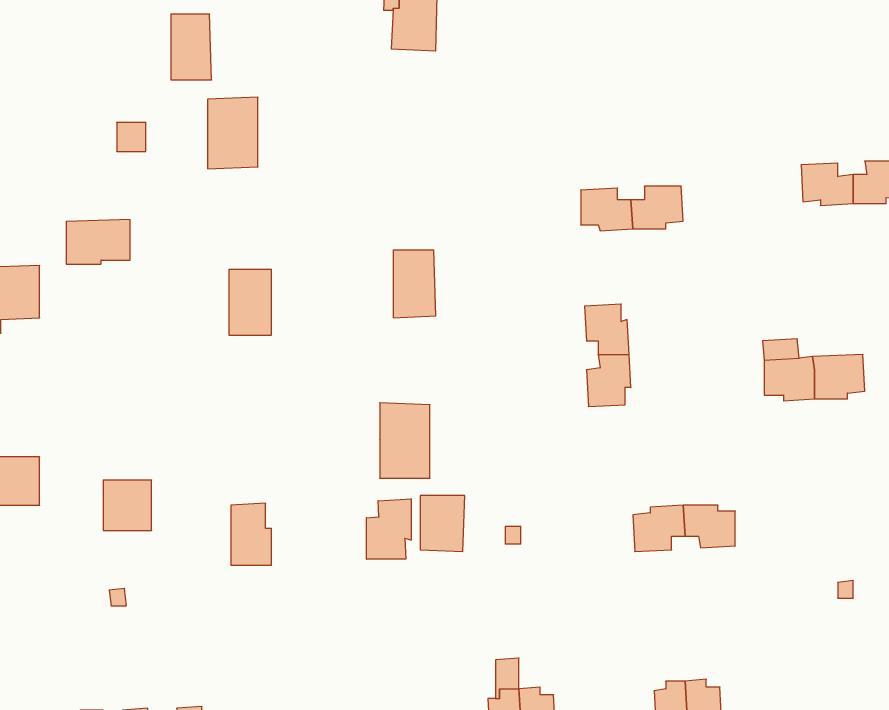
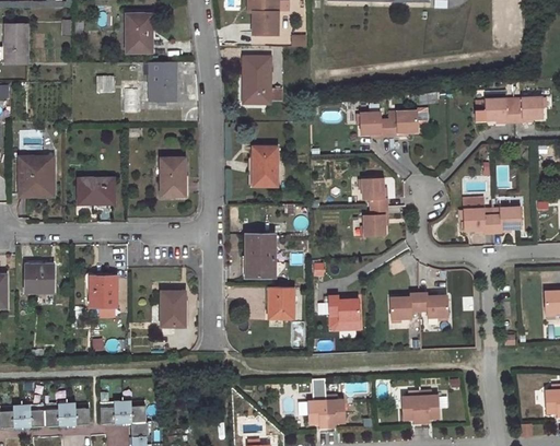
building: none -> [244,57,270,103]
building: [66,220,130,264] -> [79,178,115,203]
building: [367,499,411,559] -> none
building: none -> [328,295,360,329]

